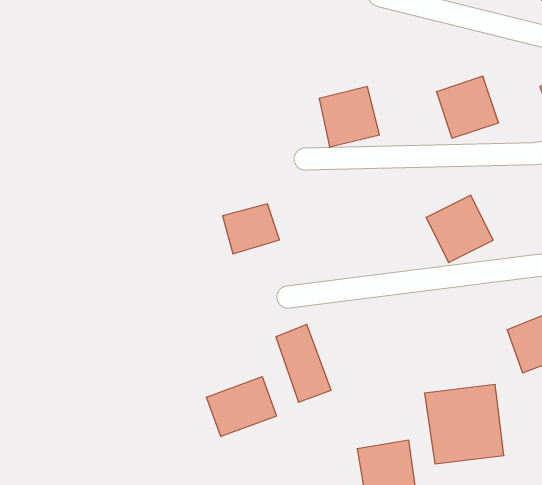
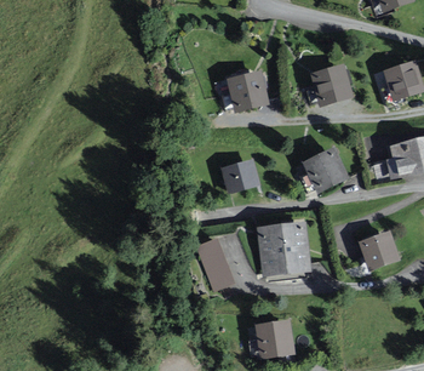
building: [223,204,279,254] -> [220,158,260,193]
building: [206,377,277,437] -> none
building: [424,385,504,464] -> [256,221,311,276]

